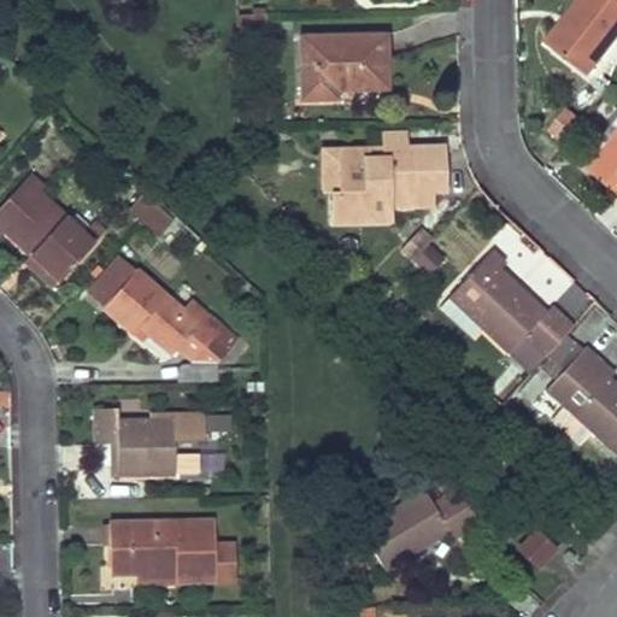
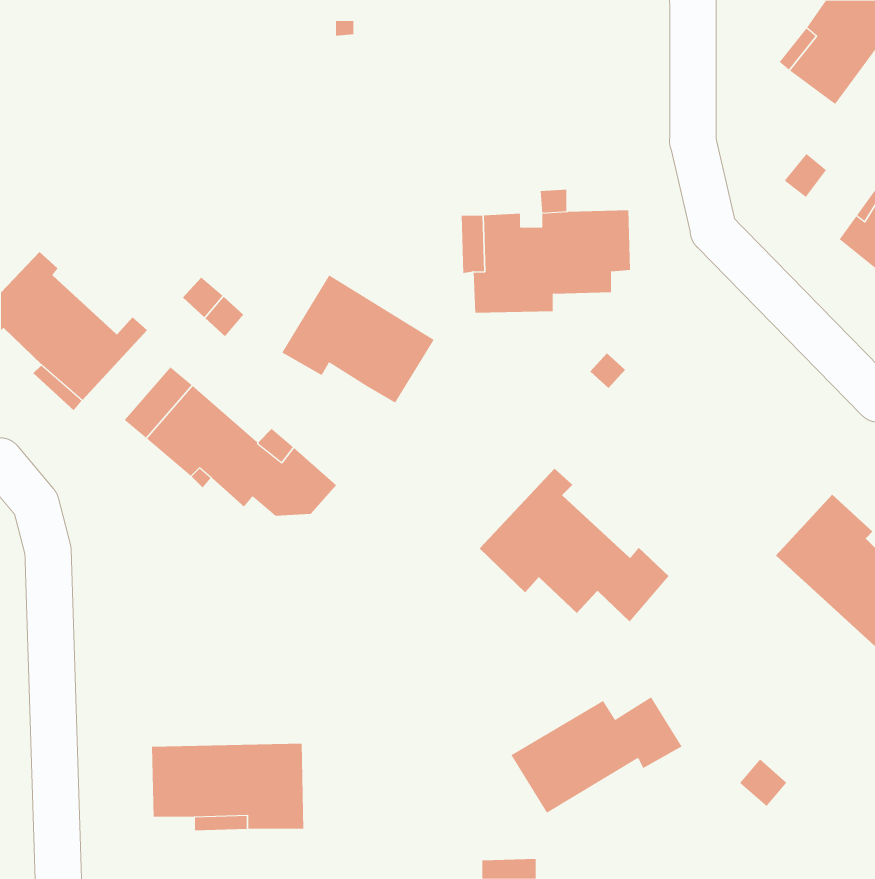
building: [301,35,388,99] -> none
building: none -> [282,275,435,403]
building: [440,249,574,358] -> [479,468,670,623]
building: [95,407,206,475] -> none

